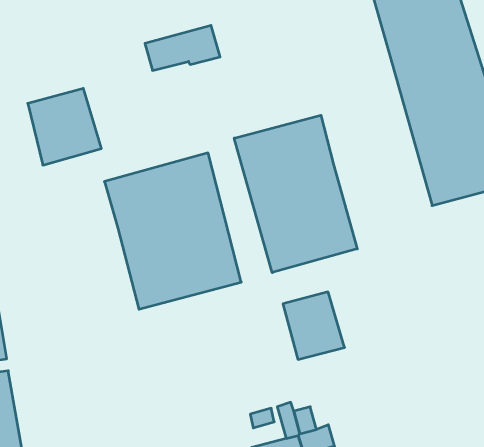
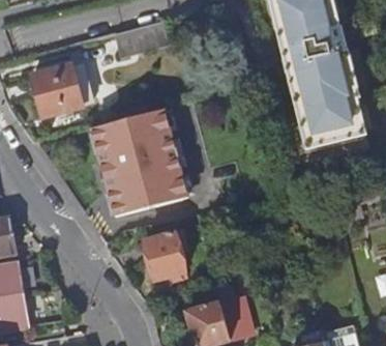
building: [234,115,357,273] -> none
building: [283,292,345,359] -> [145,232,187,279]

